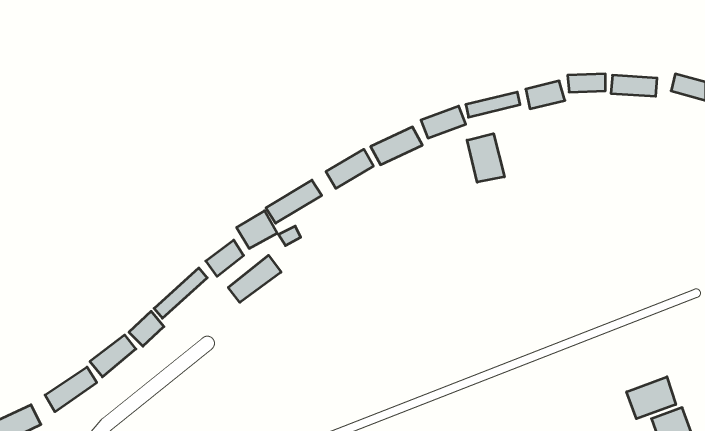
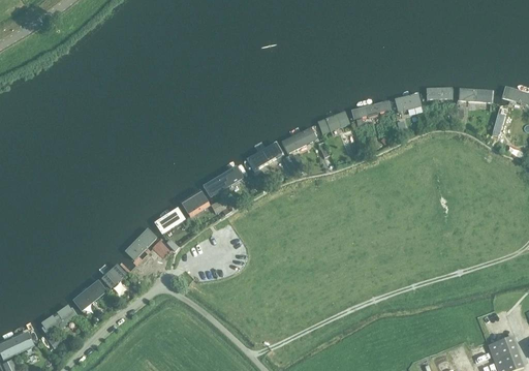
building: [467,134,504,182] -> none
building: [228,255,281,302] -> none
building: [627,377,676,419] -> none

